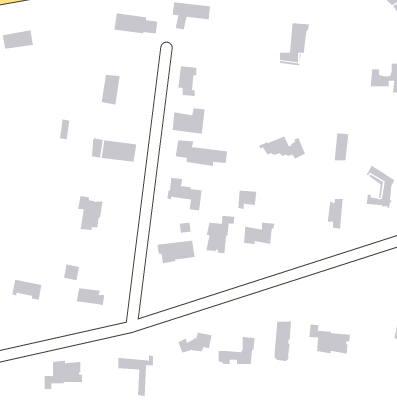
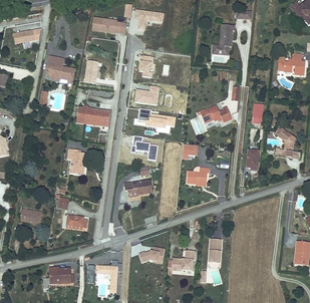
building: none -> [46,56,75,88]
building: [204,215,235,254] -> none
building: [309,324,350,357] -> none

